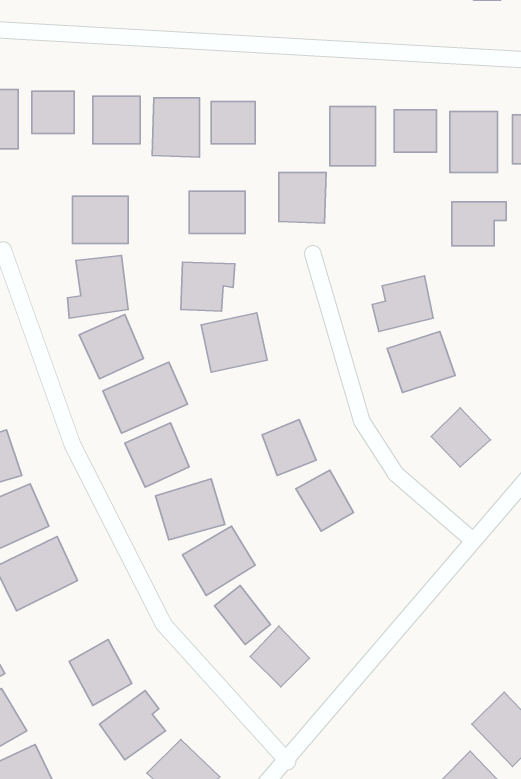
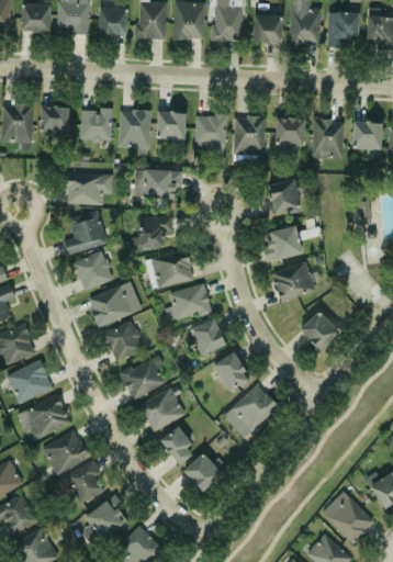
building: [279,173,326,223] -> [195,114,226,147]
building: [452,202,506,246] -> [270,181,305,210]
building: none -> [168,283,211,322]
building: none -> [231,384,277,436]
building: none -> [42,430,89,474]

